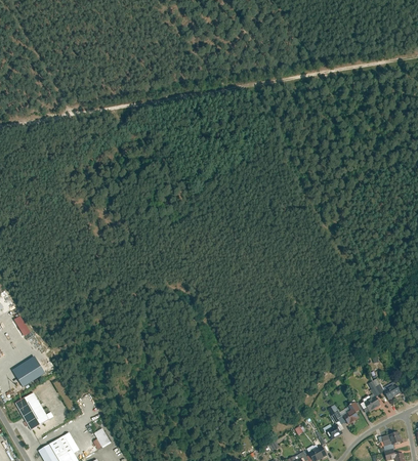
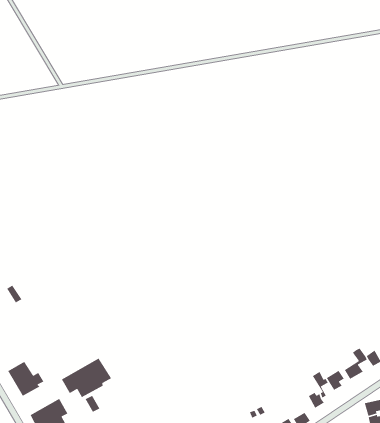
building: [13,358,44,386] -> none
building: none -> [61,357,112,398]

